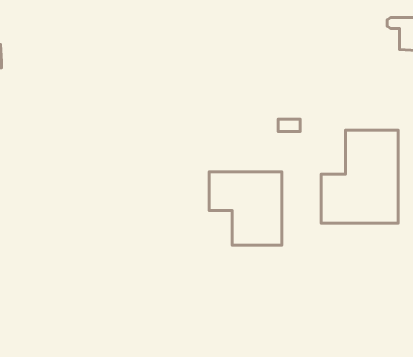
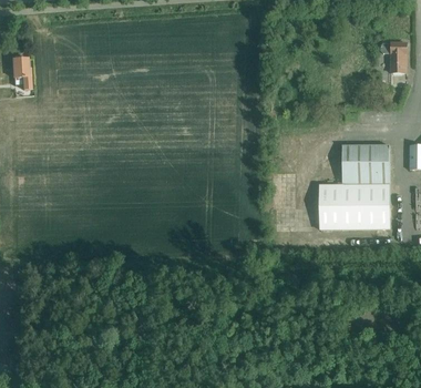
building: [209,172,282,245] -> none

